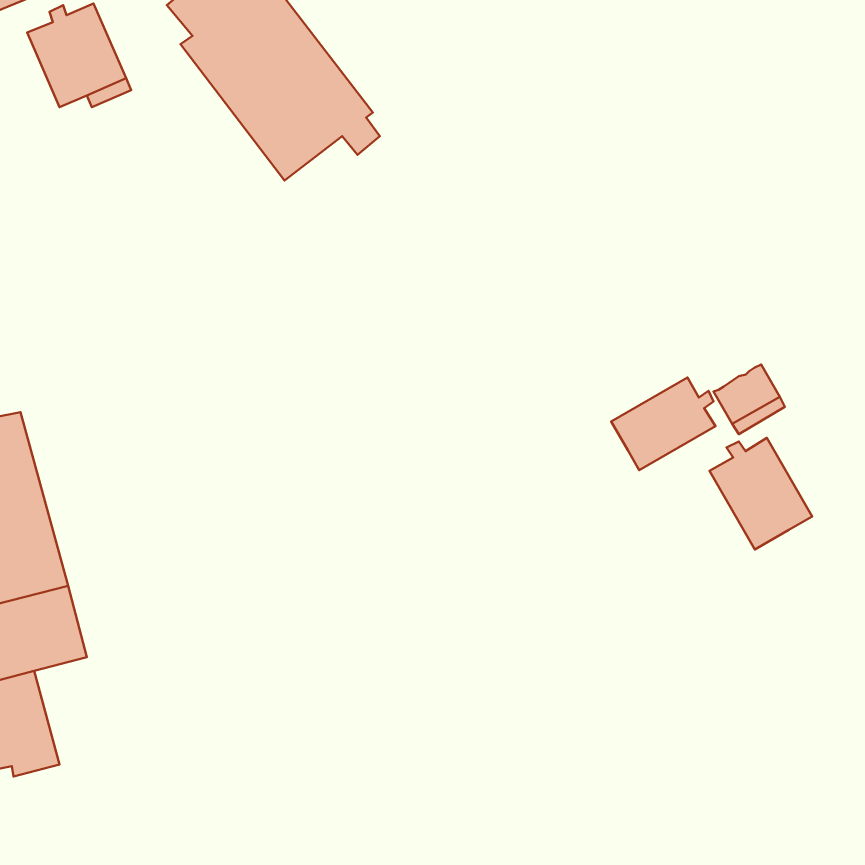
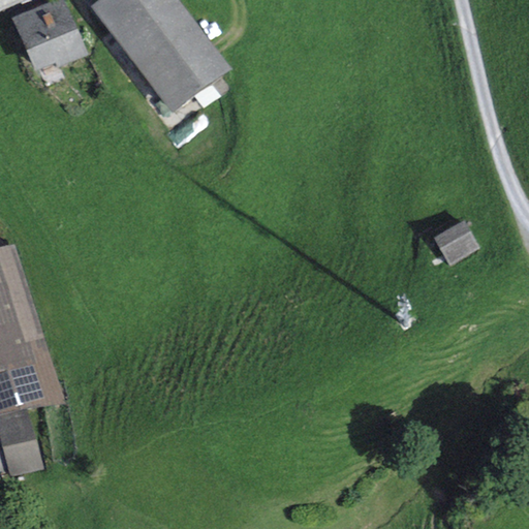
building: [611,377,715,470] -> none
building: [709,438,812,549] -> none

